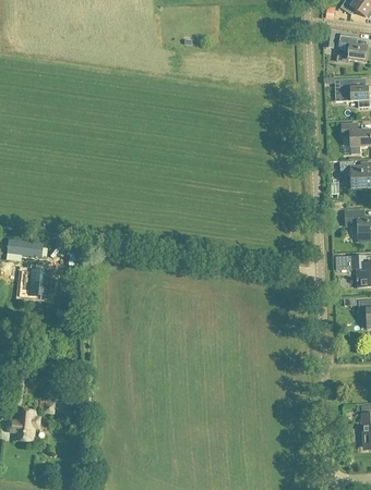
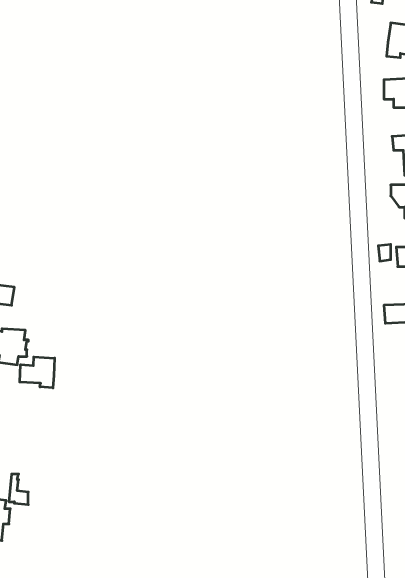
building: none -> [20,357,55,388]

